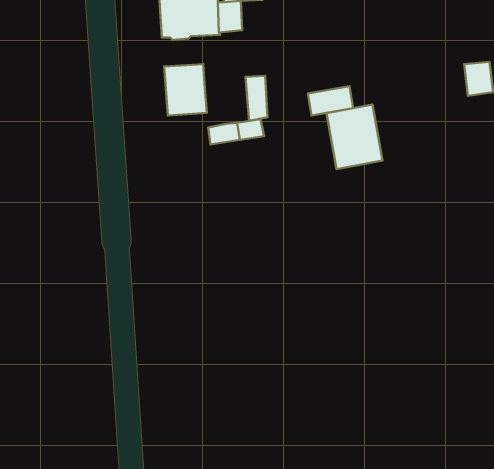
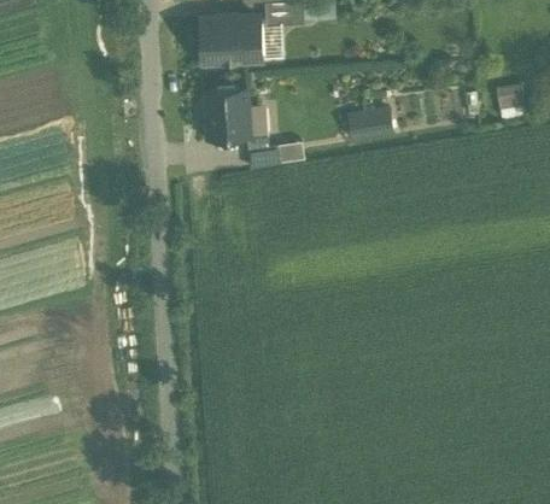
building: [246,76,267,121] -> [244,106,265,151]
building: [326,104,382,169] -> none

